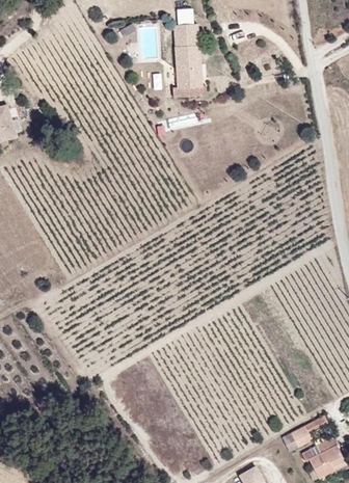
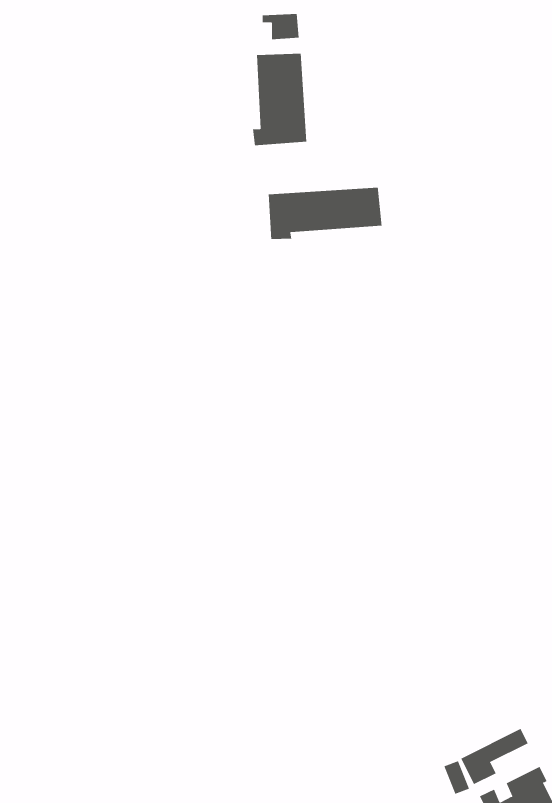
building: none -> [268,187,382,240]

